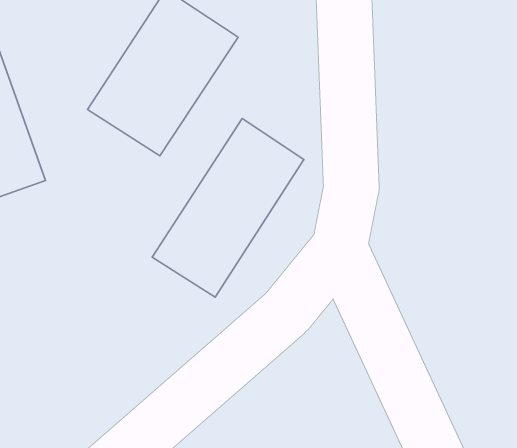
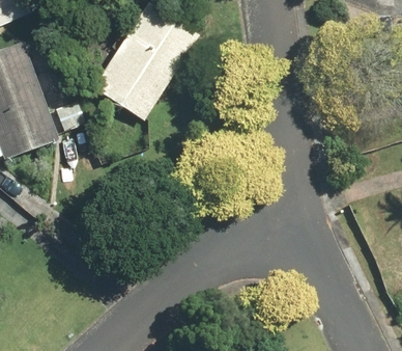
building: [152,119,304,297] -> none

